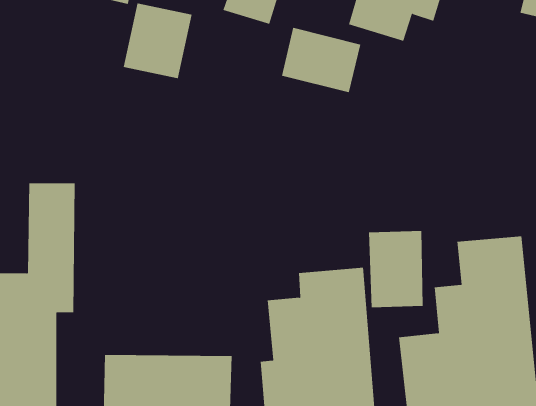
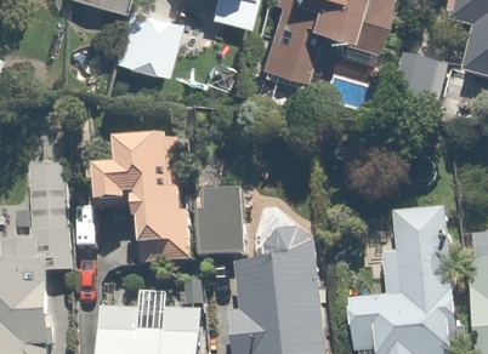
building: none -> [98,136,187,263]
building: [368,231,424,308] -> [197,188,244,253]

